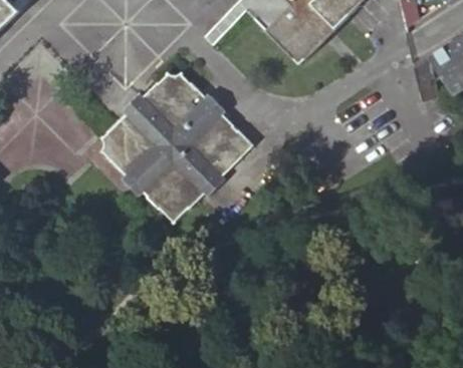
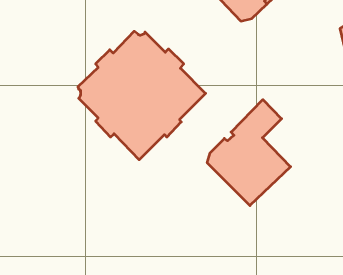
building: none -> [207,100,291,206]

